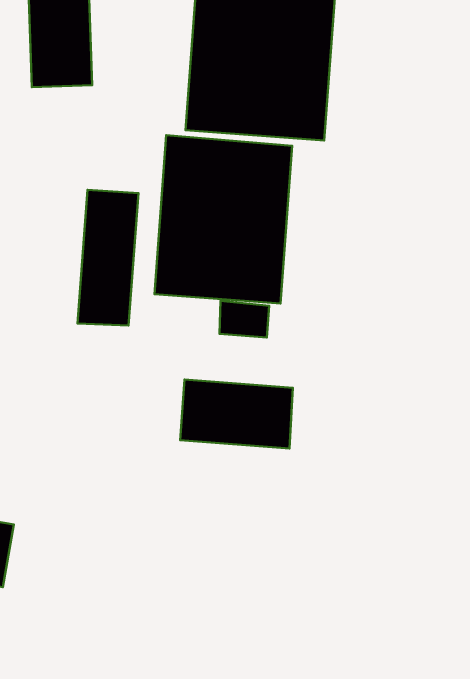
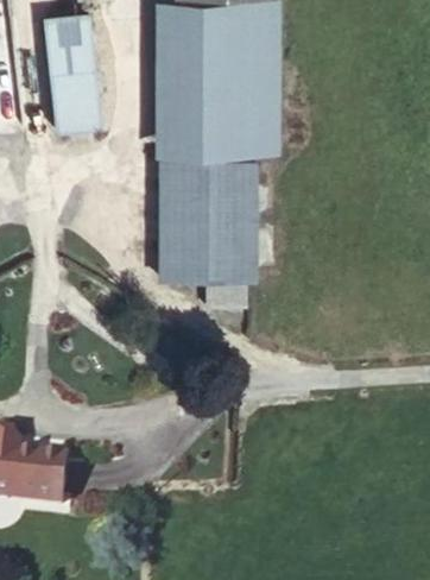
building: [78,190,139,326] -> none
building: [180,380,293,448] -> none

